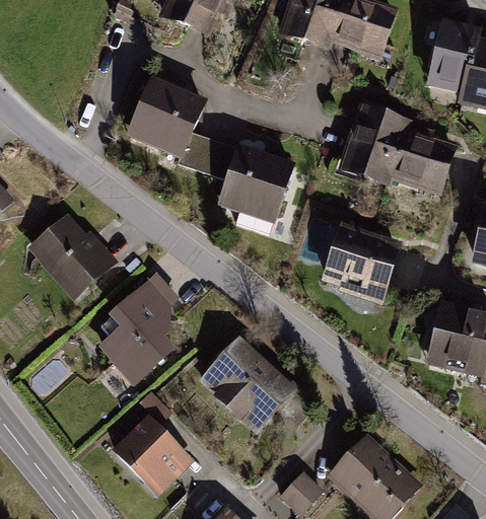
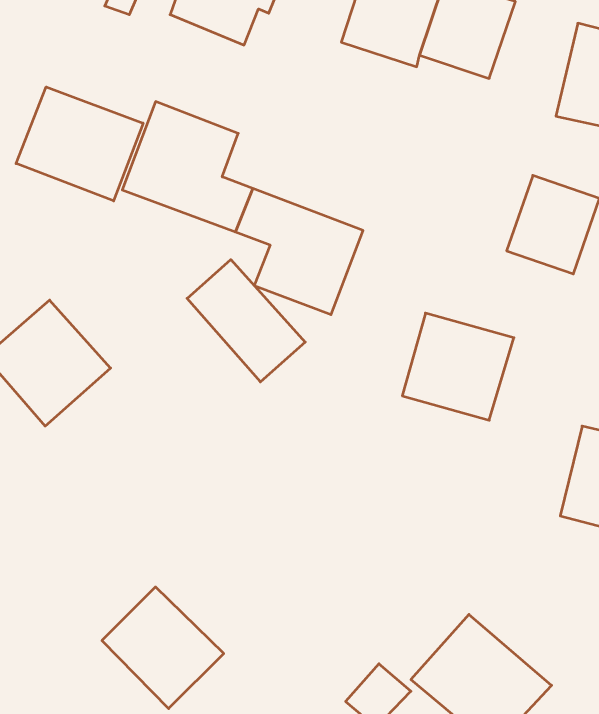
building: none -> [16,87,143,201]
building: [336,100,413,186] -> none
building: none -> [187,260,305,382]
building: [100,273,180,387] -> none
building: [198,335,298,433] -> none

